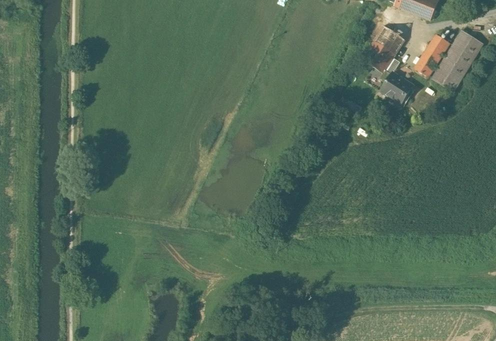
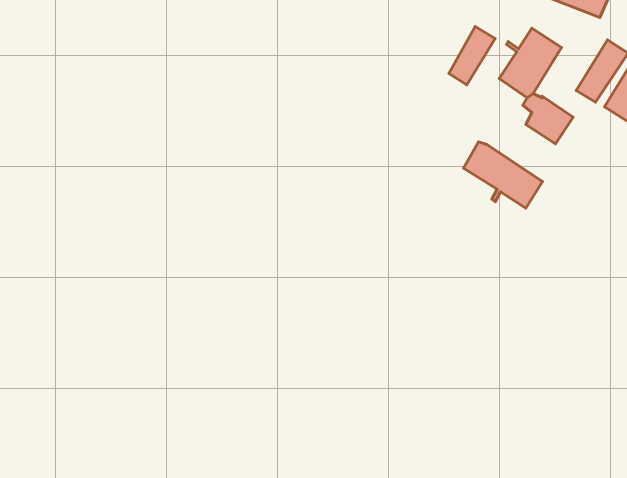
building: none -> [449,27,495,85]
building: none -> [464,142,542,208]

